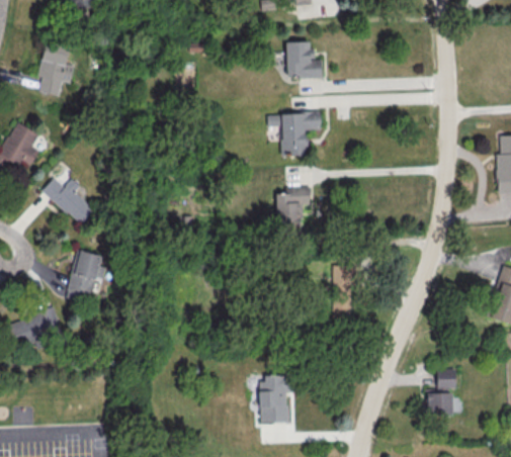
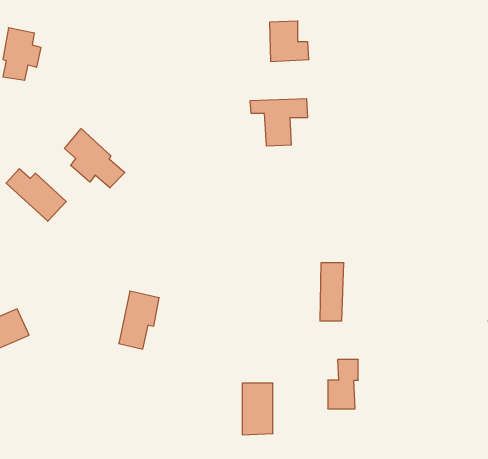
building: none -> [65,129,125,188]
building: [276,186,311,226] -> none
building: [67,249,104,302] -> [119,291,159,349]
building: [428,369,456,415] -> [328,360,358,409]

